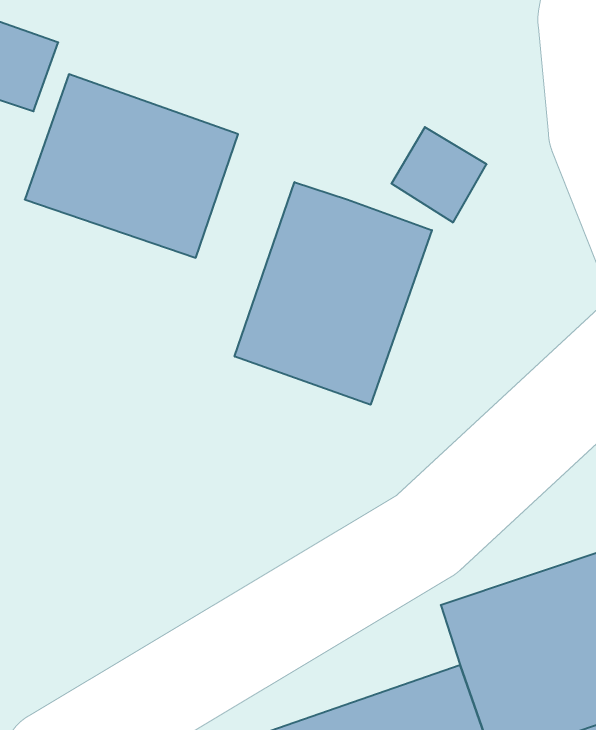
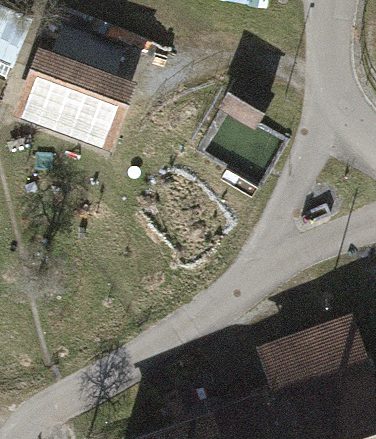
building: [235,182,432,405] -> none

